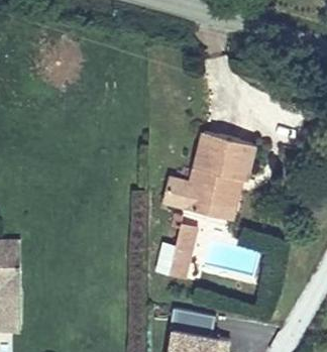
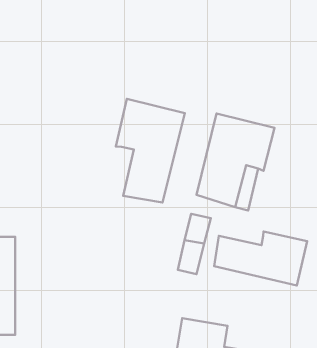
building: none -> [116,99,185,203]
building: none -> [214,231,307,286]

